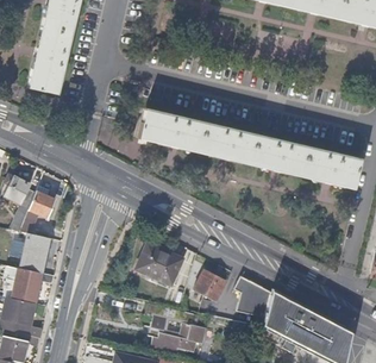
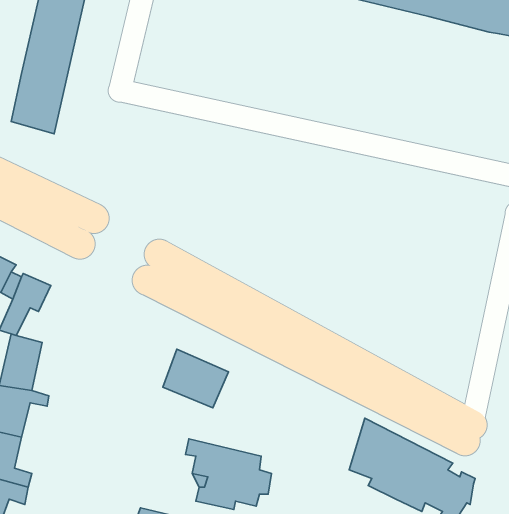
building: [139,108,361,188] -> none
building: [195,270,227,301] -> none
building: [236,276,272,321] -> none

